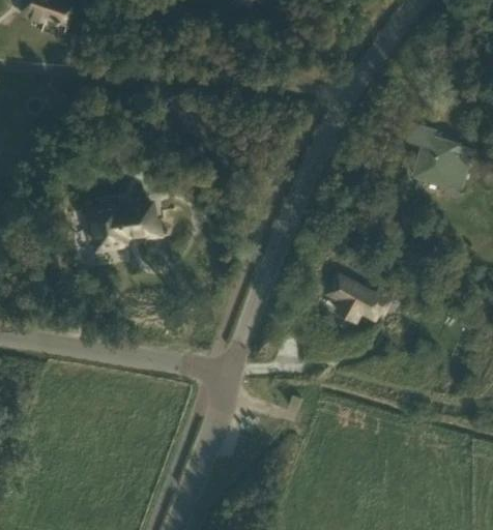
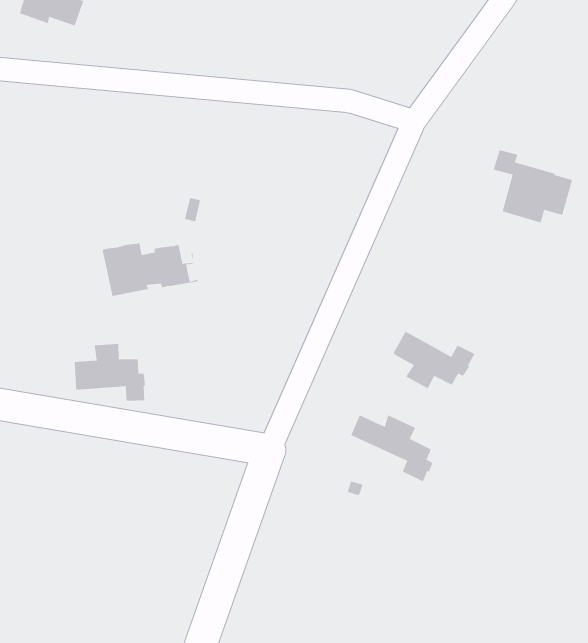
building: none -> [74,343,146,401]
building: none -> [351,415,433,482]

